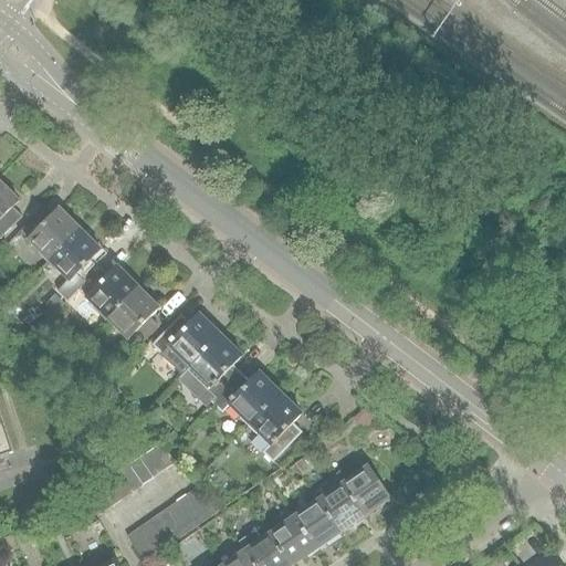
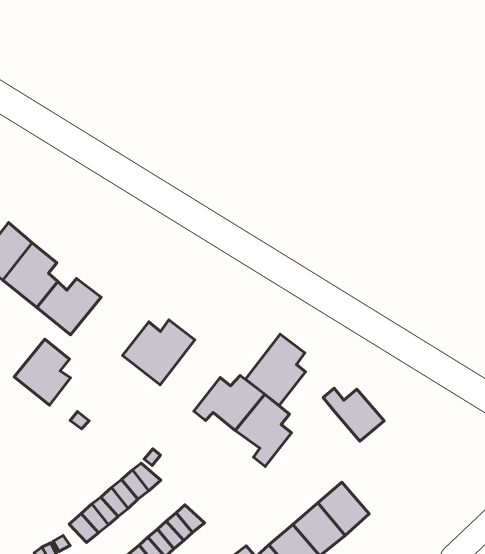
building: [106,286,159,348] -> [14,339,70,405]
building: [185,335,242,401] -> [246,334,306,405]
building: [336,462,390,514] -> [323,388,384,441]

